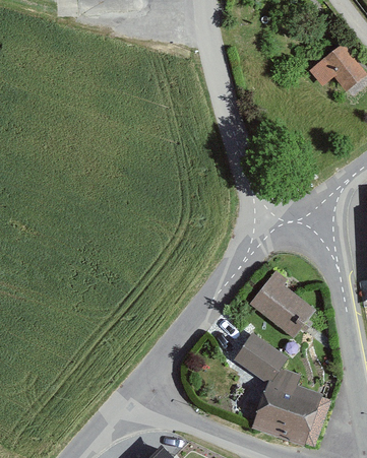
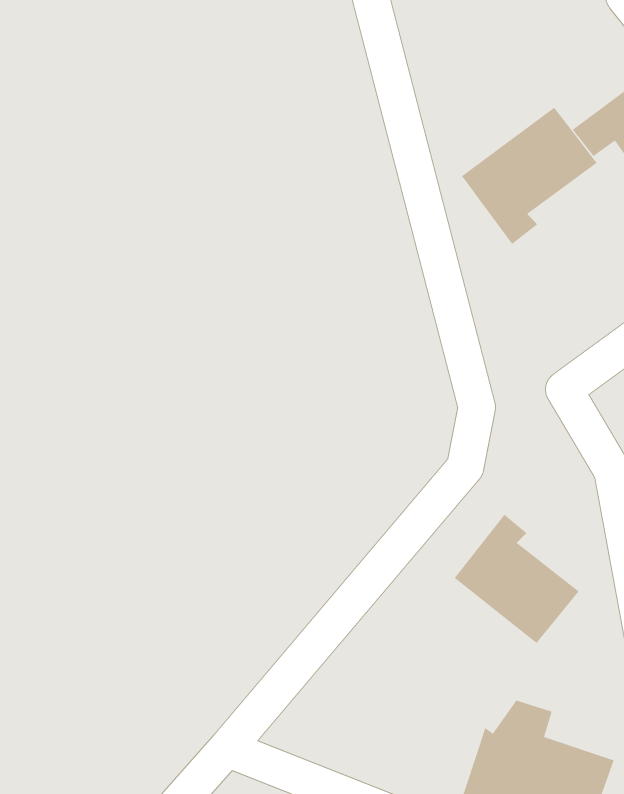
building: none -> [461,107,597,245]
building: [235,332,290,385] -> none

